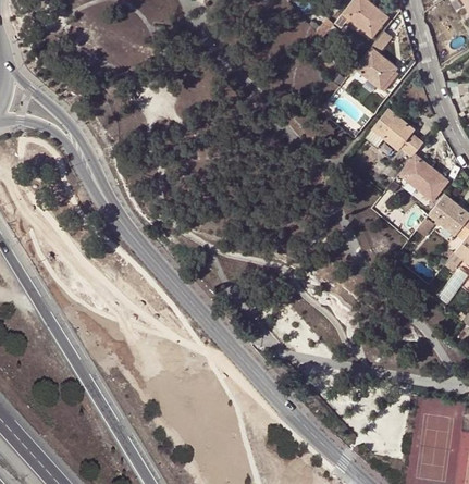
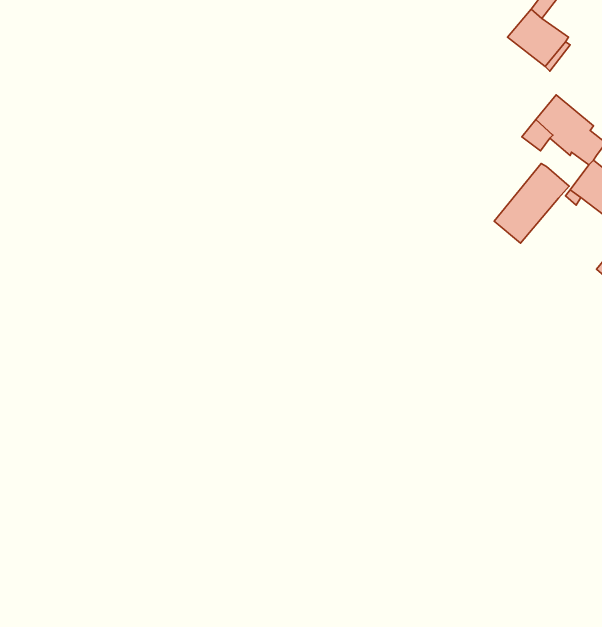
building: none -> [494,163,569,243]

